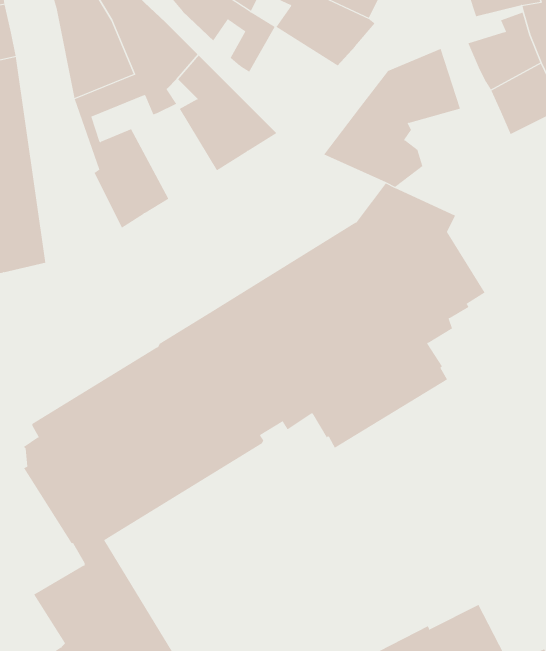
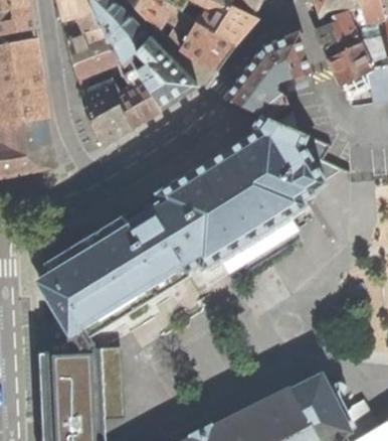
building: none -> [180,20,234,71]
building: none -> [108,67,160,126]

